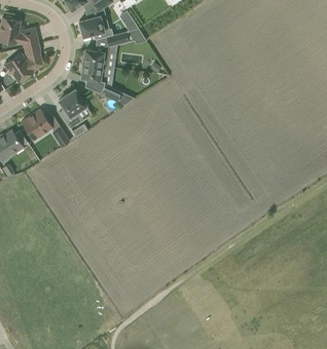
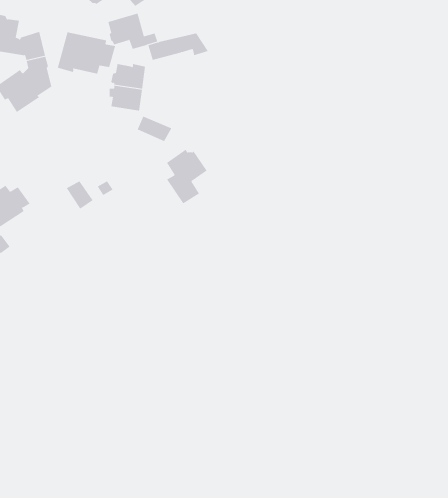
building: none -> [57,31,116,75]
building: [59,91,86,128] -> [166,149,208,204]
building: [21,109,52,141] -> none

